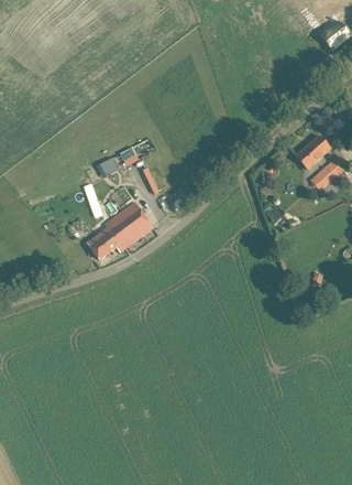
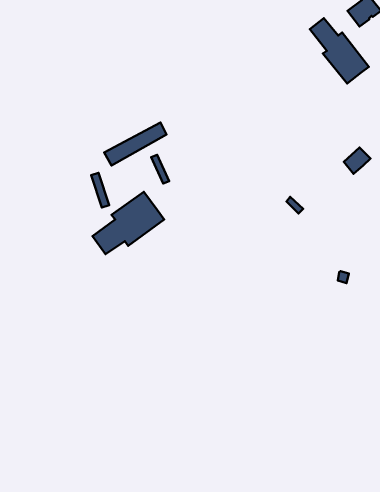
building: none -> [310,18,369,84]
building: [296,133,331,168] -> none

